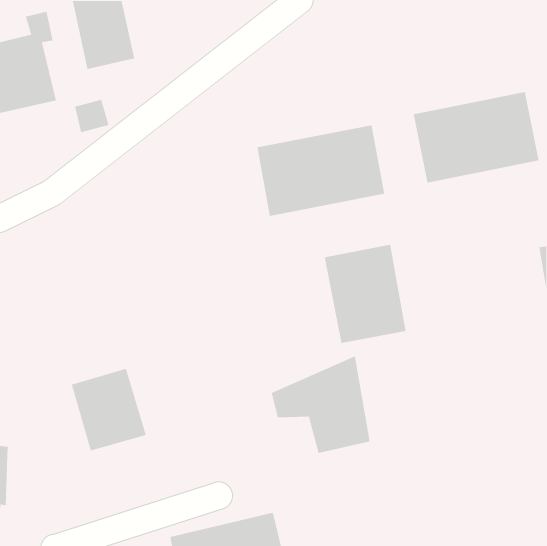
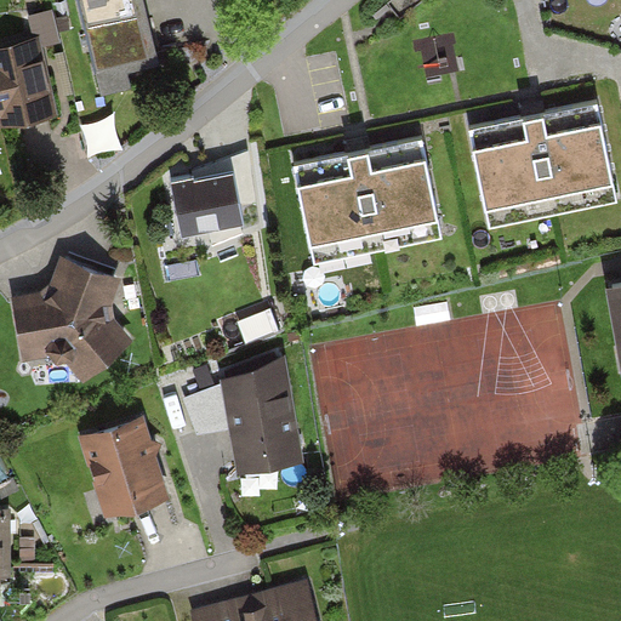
building: none -> [172,173,239,235]
building: none -> [12,260,131,382]
building: [324,244,407,344] -> none
building: [271,355,371,454] -> [187,359,300,471]

